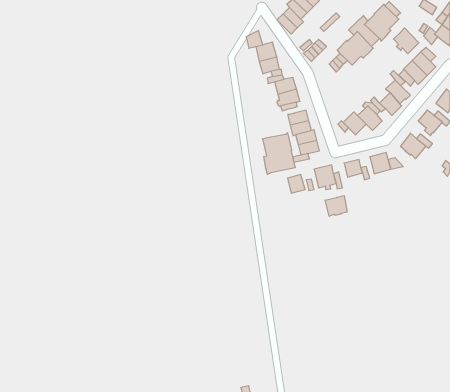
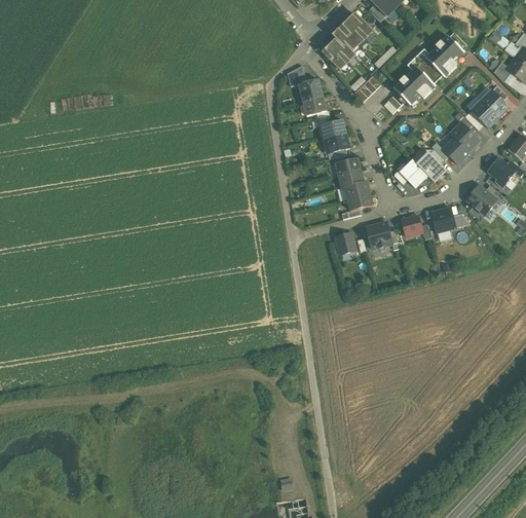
building: [393,28,419,54] -> none
building: [263,133,295,174] -> none
building: [325,196,347,216] -> none

